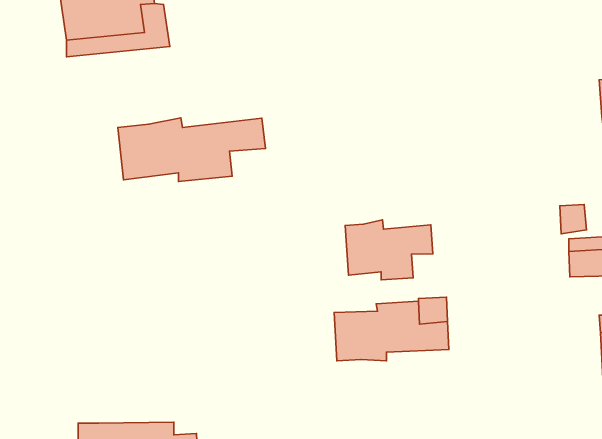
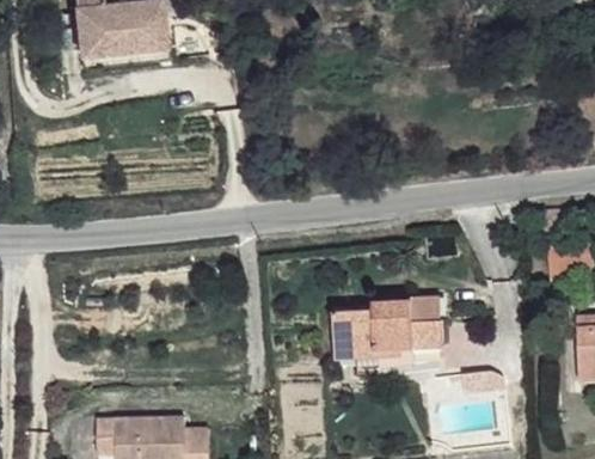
building: [118,118,265,181] -> none
building: [345,220,433,280] -> none

